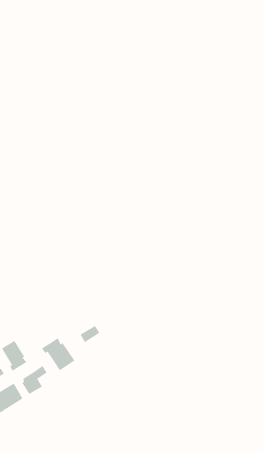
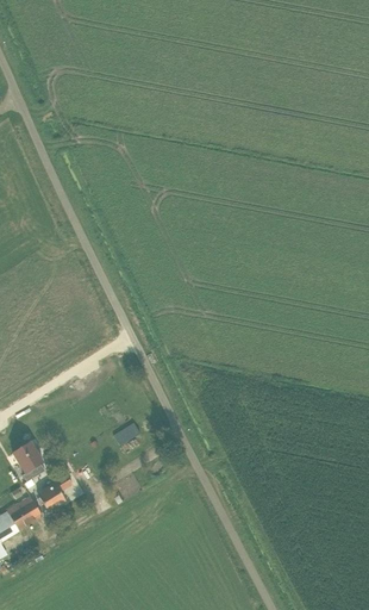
building: [41,338,75,371] -> none

